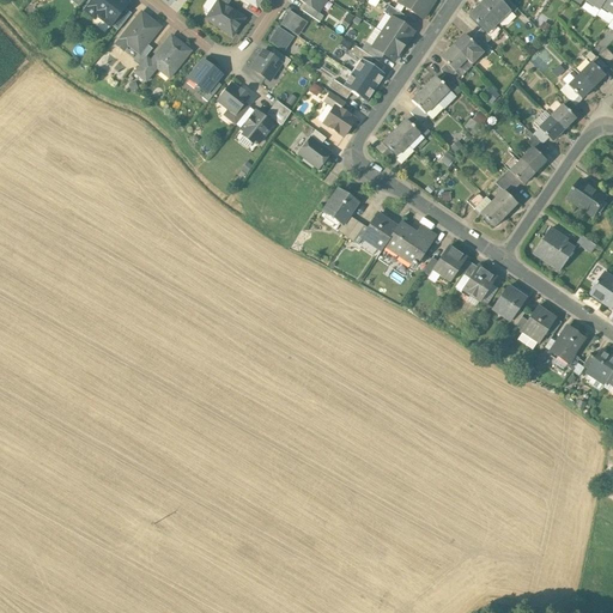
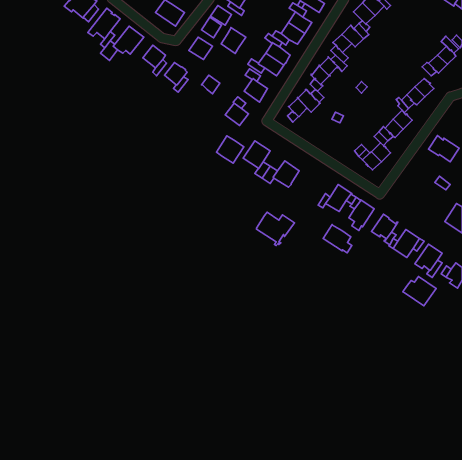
building: none -> [221,28,246,54]
building: [241,109,273,141] -> none
building: none -> [216,136,244,163]
building: [386,221,436,266] -> [256,212,294,245]
building: [533,227,573,268] -> none
building: none -> [323,224,352,253]
building: none -> [403,276,436,306]

